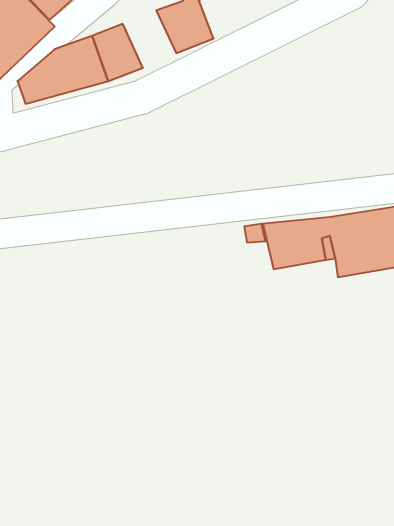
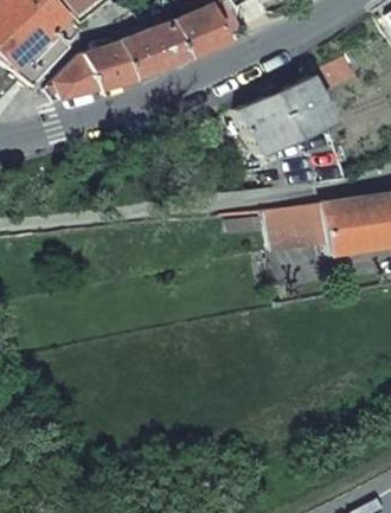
building: none -> [145,19,192,70]
building: none -> [236,75,332,154]

